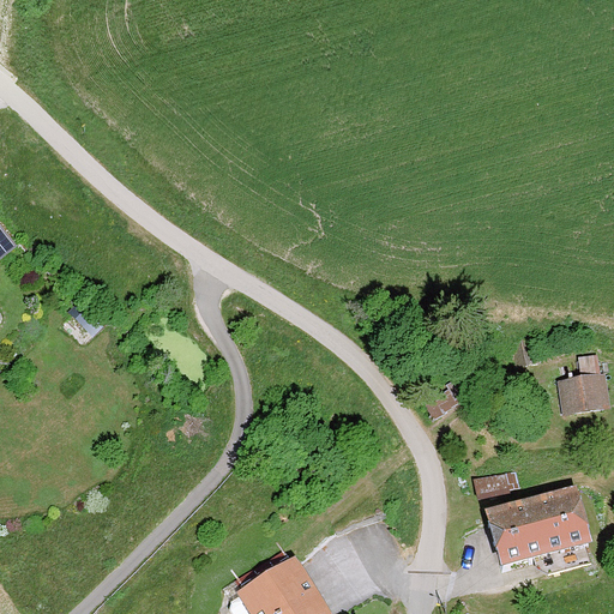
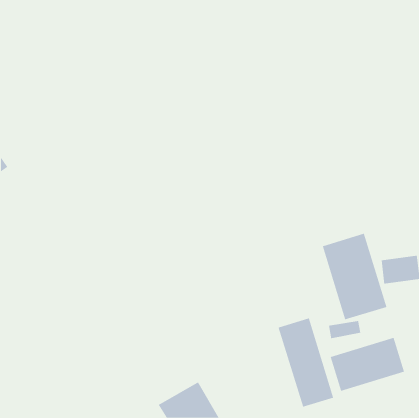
building: none -> [322,233,387,320]
building: none -> [278,318,334,408]

